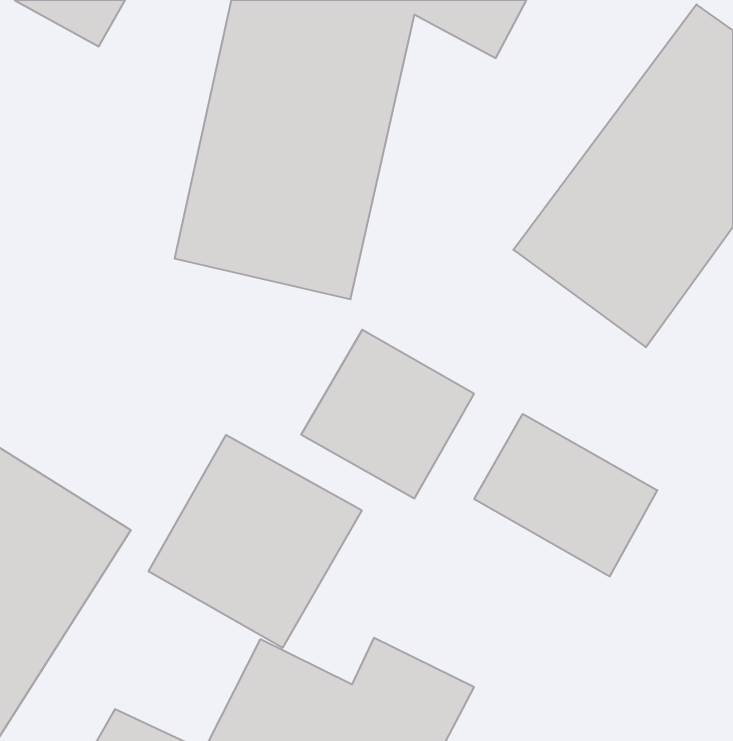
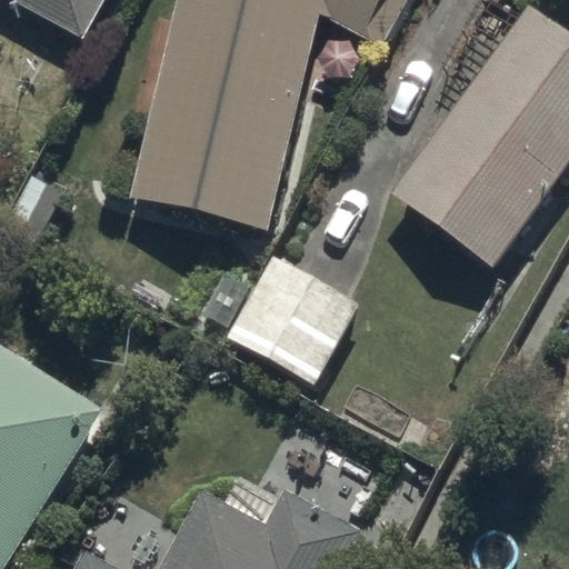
building: [474,414,657,577] -> none
building: [149,435,362,648] -> none

